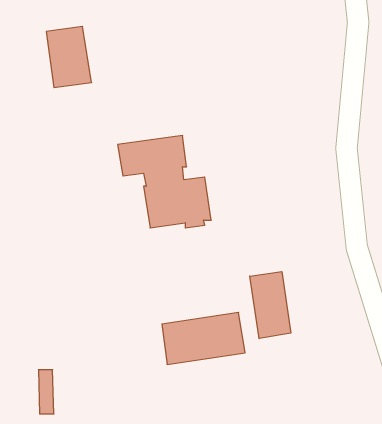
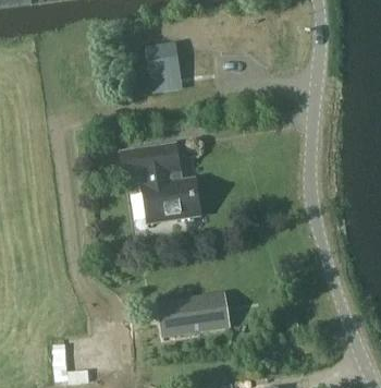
building: [46,26,92,88] -> [146,44,184,95]
building: [250,272,291,339] -> none

